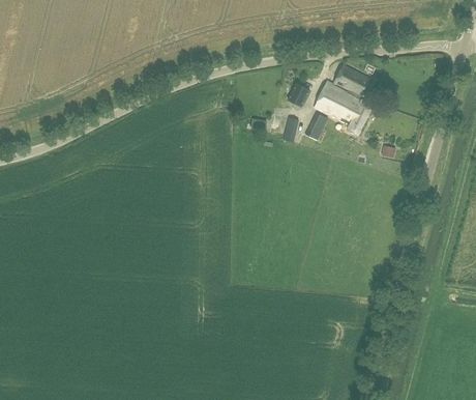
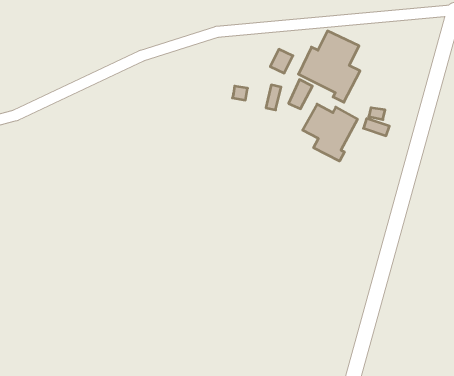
building: none -> [303,104,357,161]

